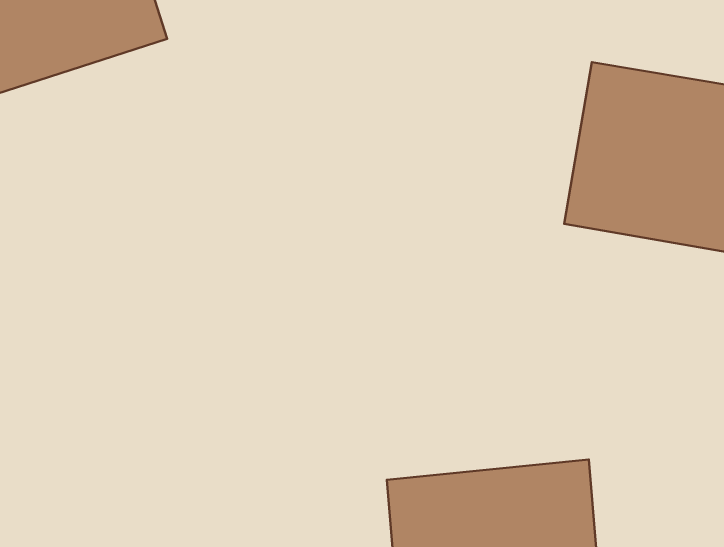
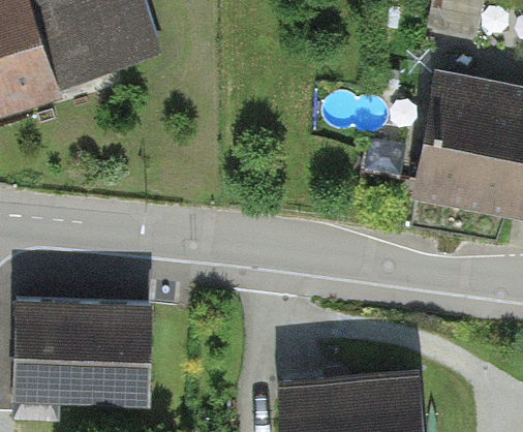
building: none -> [13,301,151,387]

